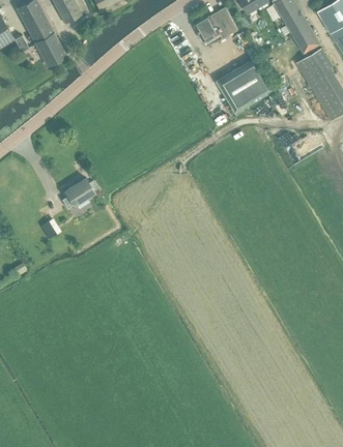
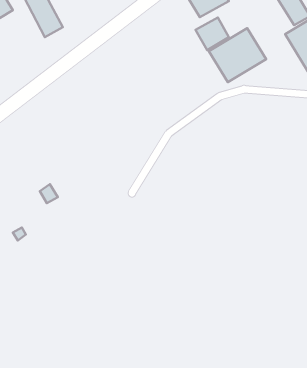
building: none -> [196,18,229,50]
building: [62,178,94,209] -> none

